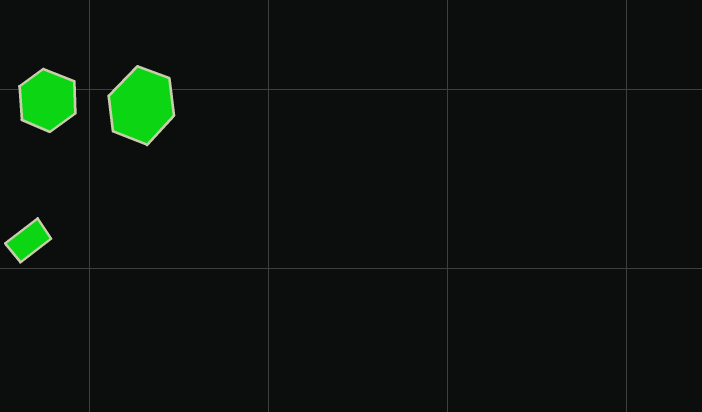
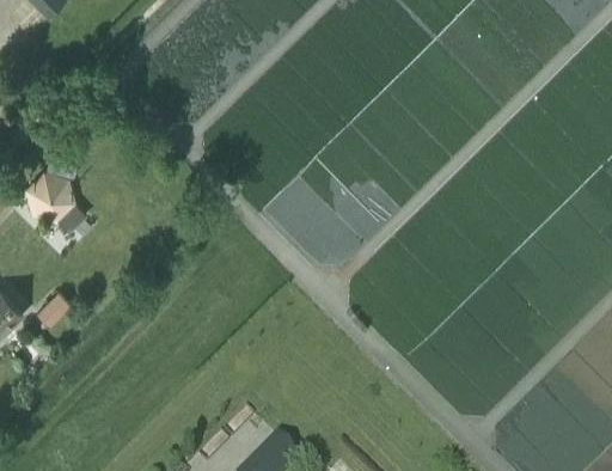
building: [109,66,174,145] -> none

